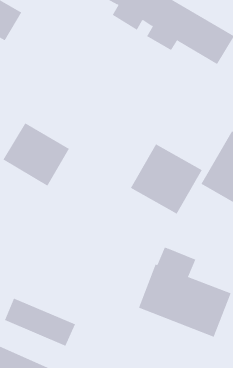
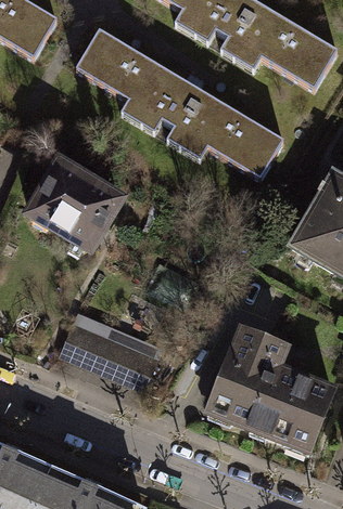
building: none -> [76,29,283,178]
building: [130,143,202,214] -> none
building: [4,298,76,346] -> [61,323,155,387]

